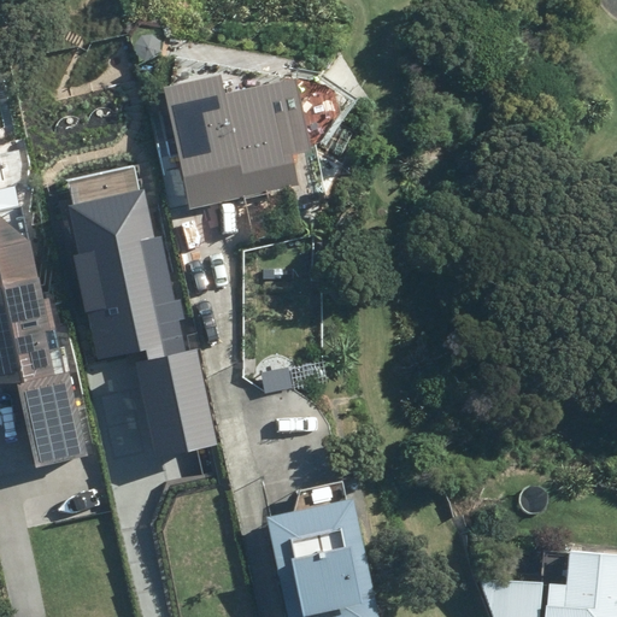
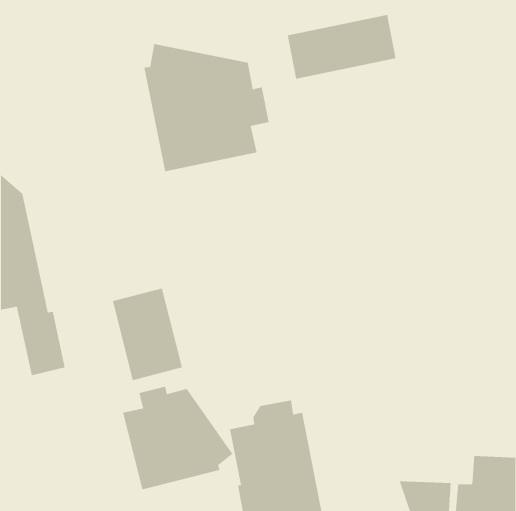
building: none -> [287,14,396,79]
building: [63,187,168,360] -> none
building: none -> [123,386,233,490]

